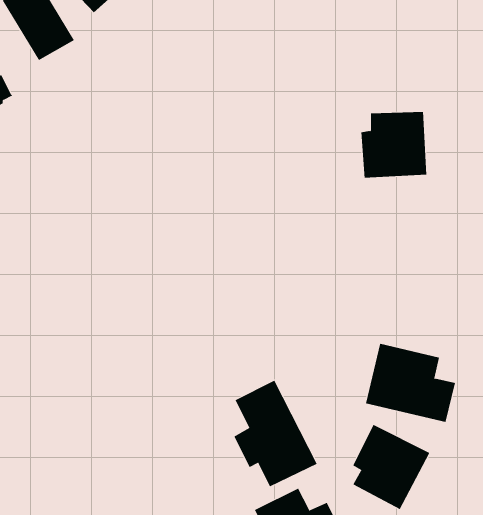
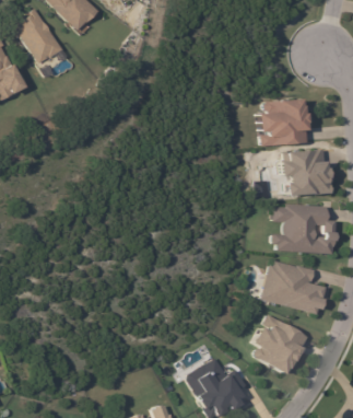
building: none -> [280,149,328,195]
building: none -> [274,204,333,253]
building: [234,380,318,487] -> none

